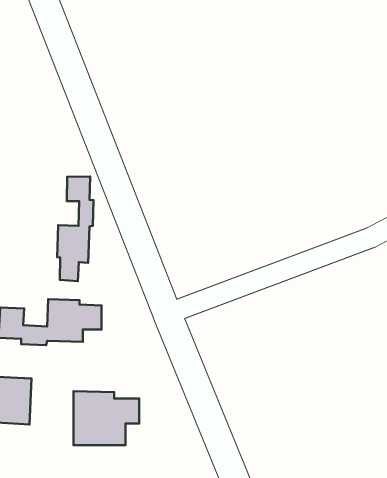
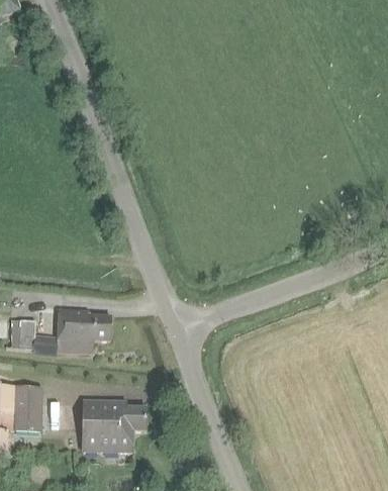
building: [57,176,93,281] -> none

